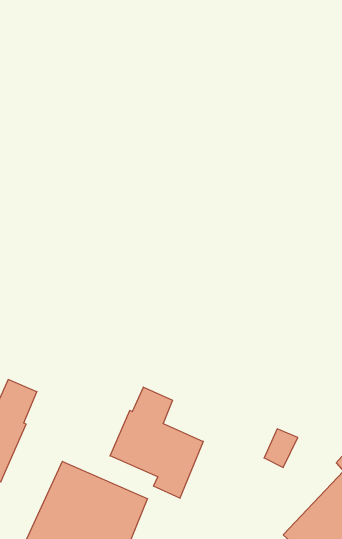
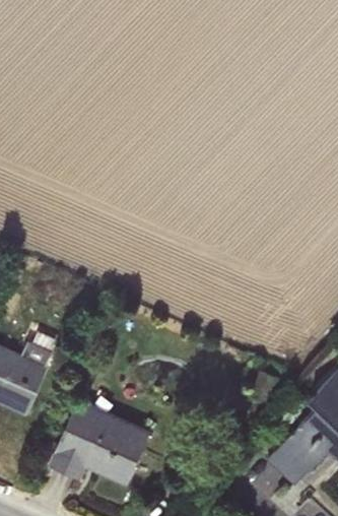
building: [110,387,203,498] -> none

